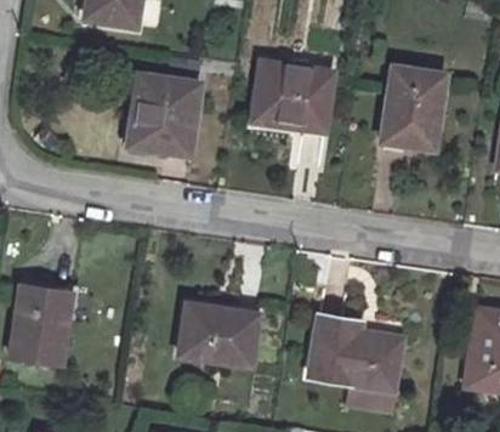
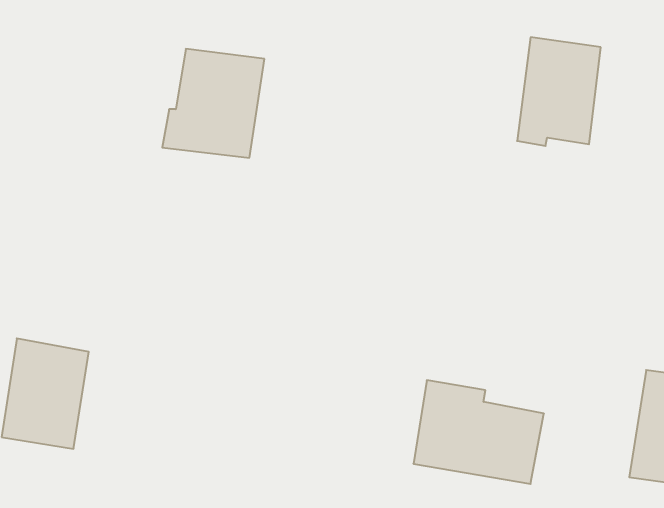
building: [252,62,333,131] -> none
building: [180,305,258,366] -> none

